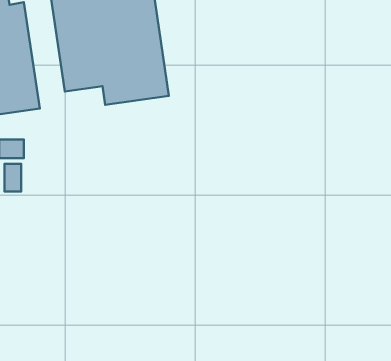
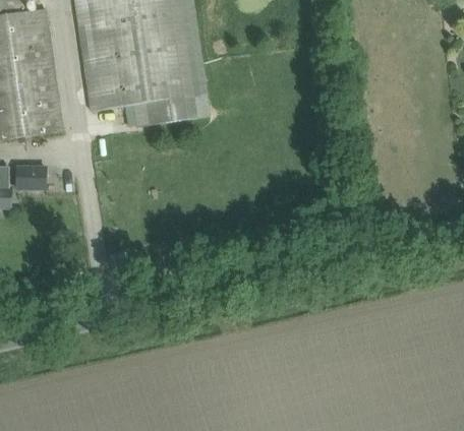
building: [5,164,21,191] -> none

